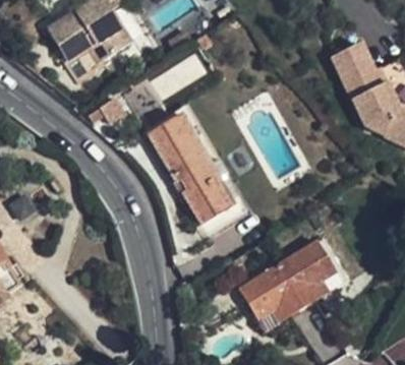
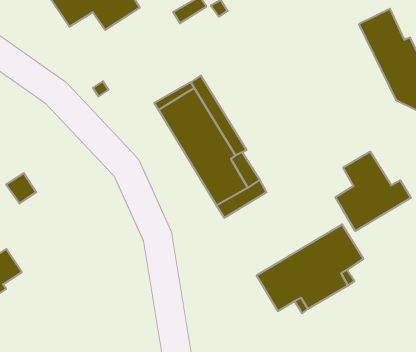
building: [149,52,208,98] -> none
building: none -> [336,152,411,231]

